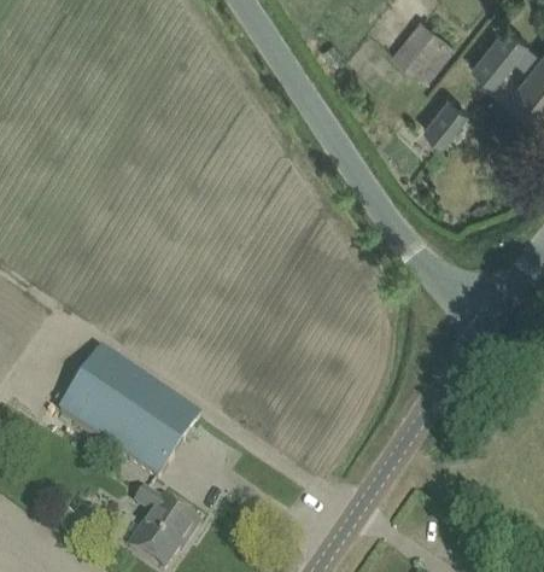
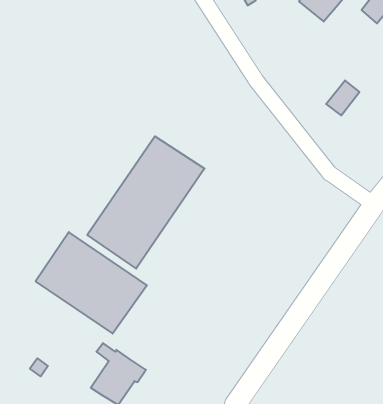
building: [423,97,466,141] -> [326,80,359,115]
building: none -> [87,136,205,269]

